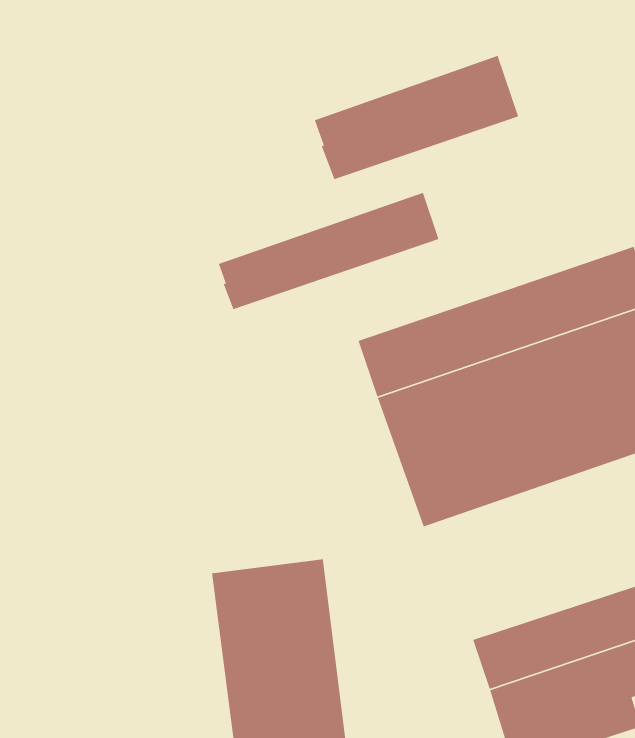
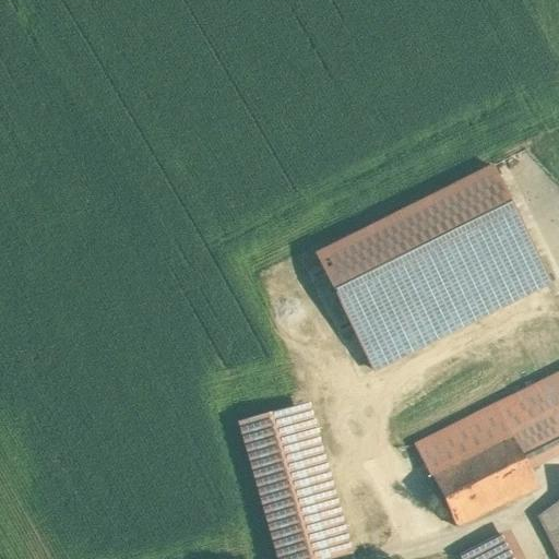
building: [314,55,519,180] -> none
building: [218,192,440,310] -> none

